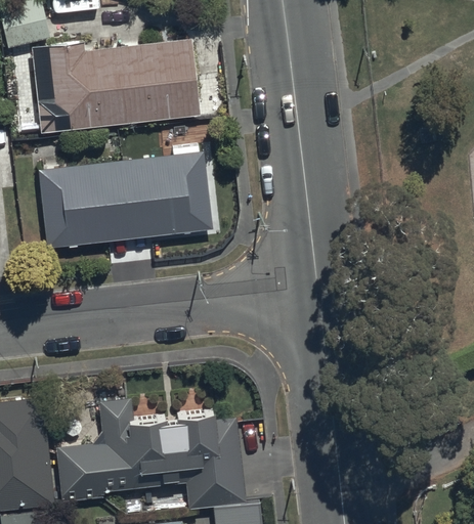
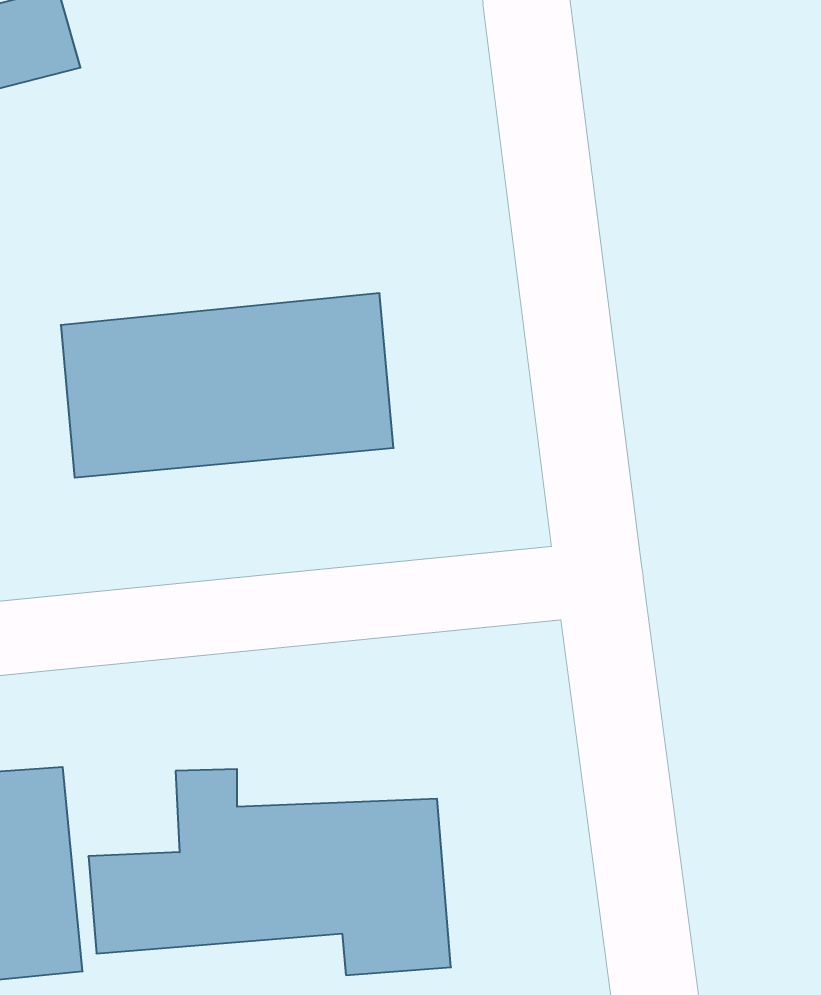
building: [29,37,200,134] -> none

